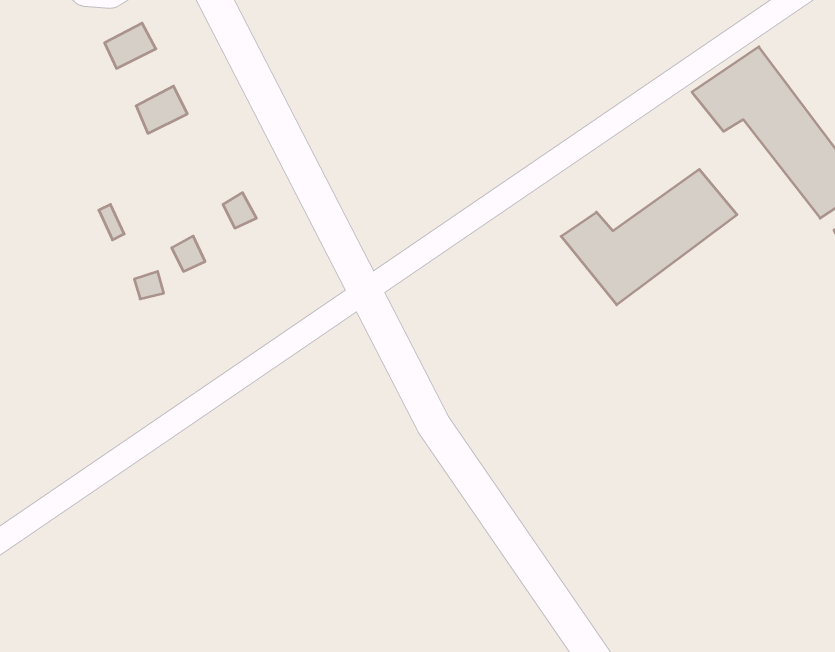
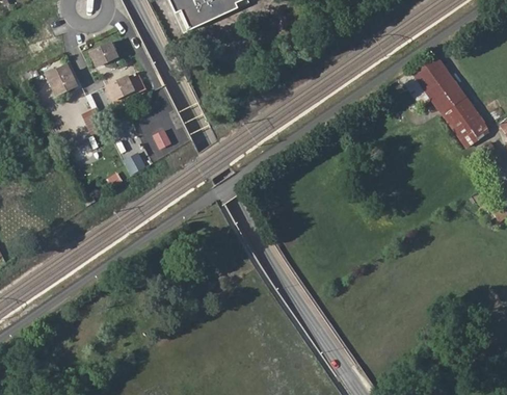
building: none -> [45,62,77,95]
building: [561,169,737,305] -> none

